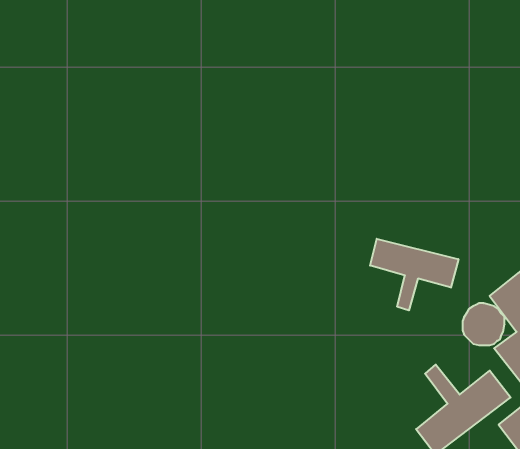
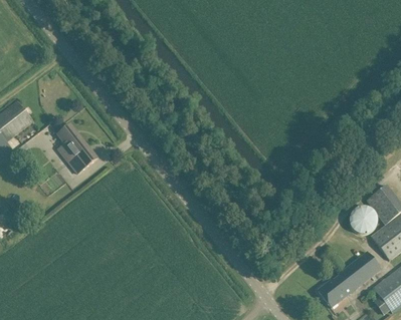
building: none -> [57,124,97,175]
building: [370,239,458,310] -> none

